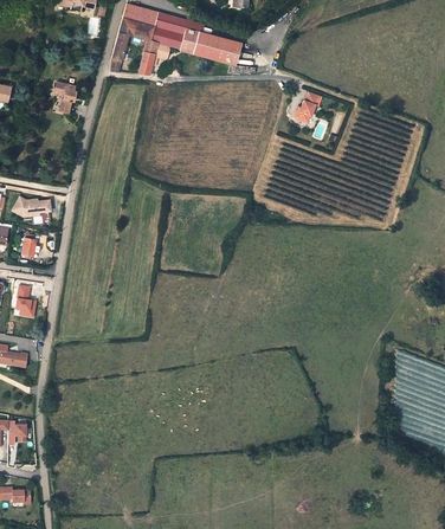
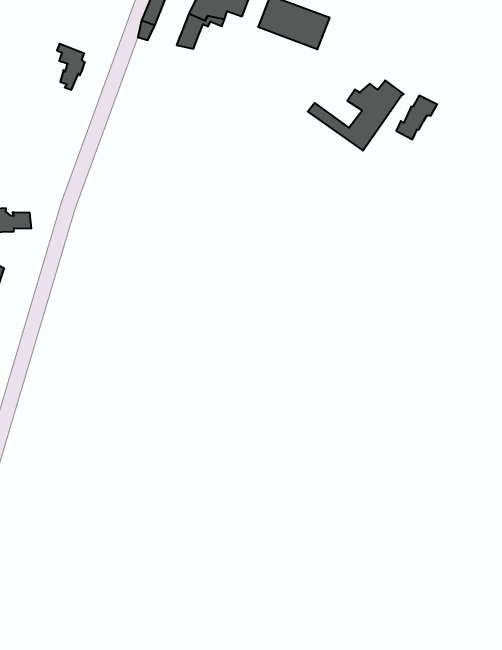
building: none -> [308,80,404,151]

